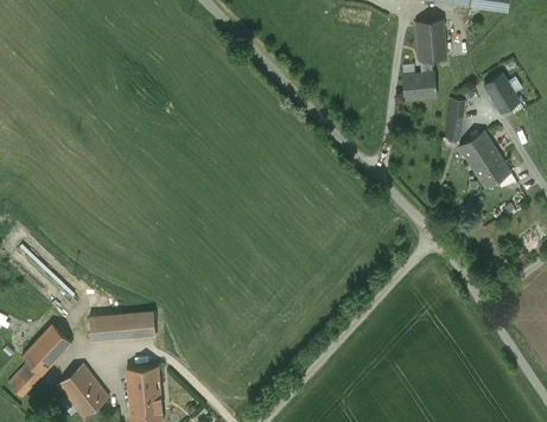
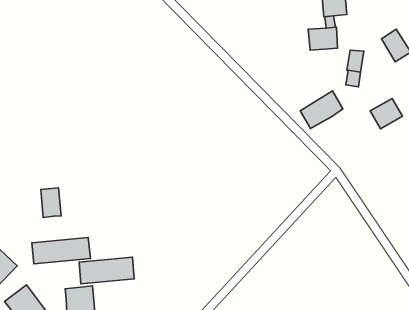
building: [460,124,509,167] -> [300,91,343,129]
building: none -> [41,188,61,217]
building: none -> [79,257,134,284]

